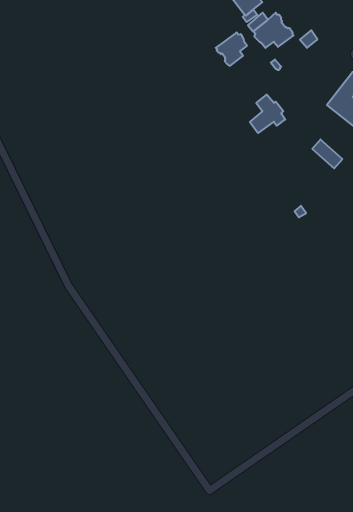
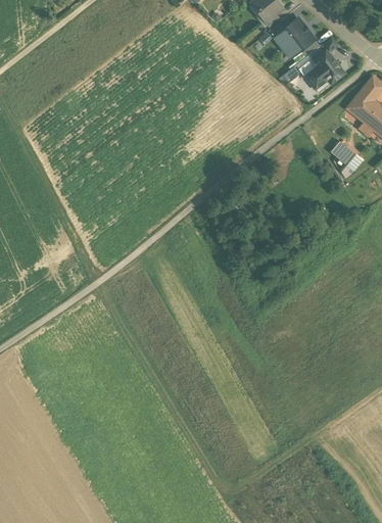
building: [216,32,247,66] -> none
building: [250,95,285,133] -> [306,50,341,88]

